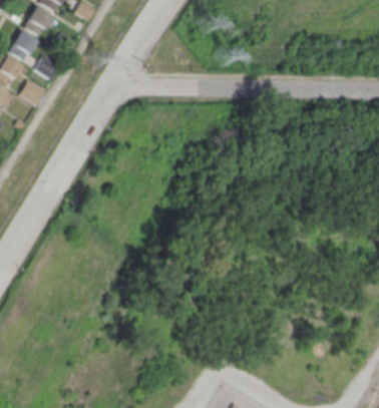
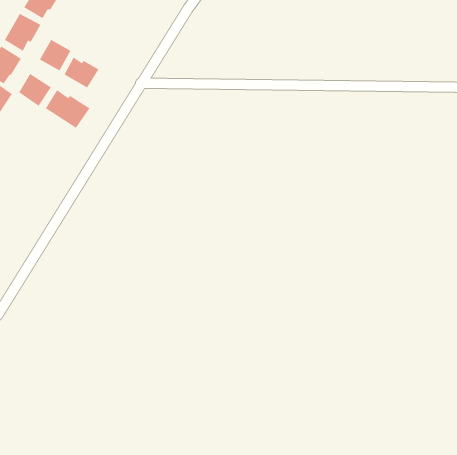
building: none -> [63,57,99,88]
building: none -> [45,89,91,129]

